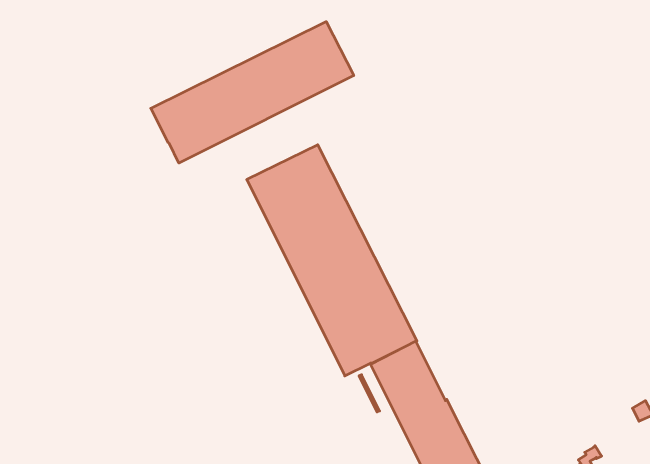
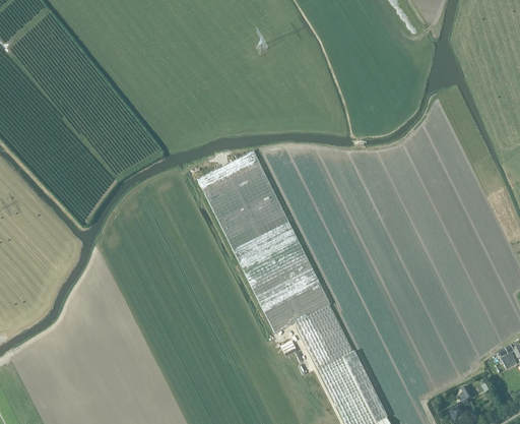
building: [151,22,354,163] -> none

